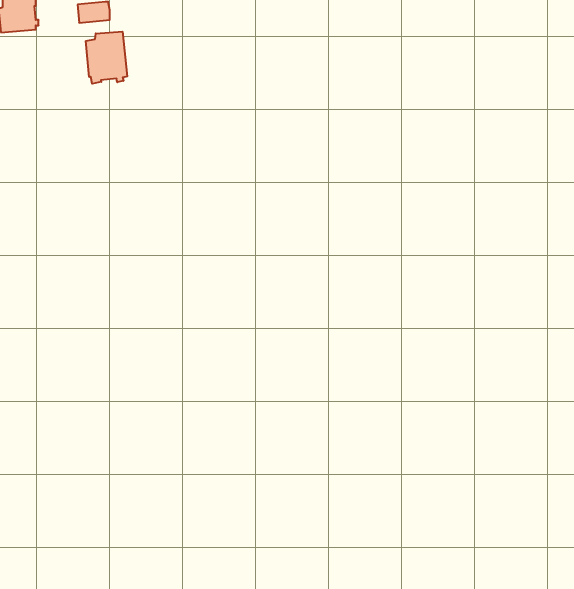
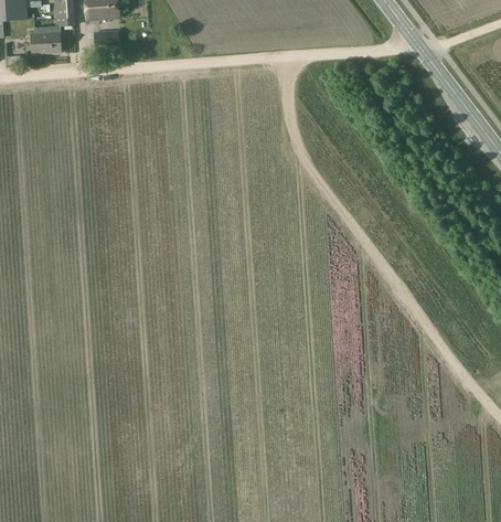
building: [86,32,127,84] -> none

